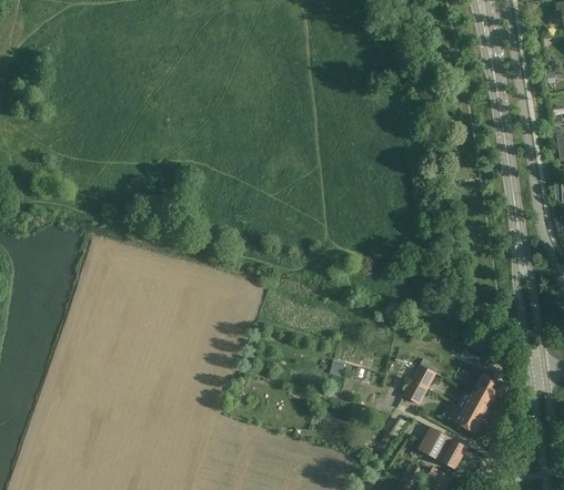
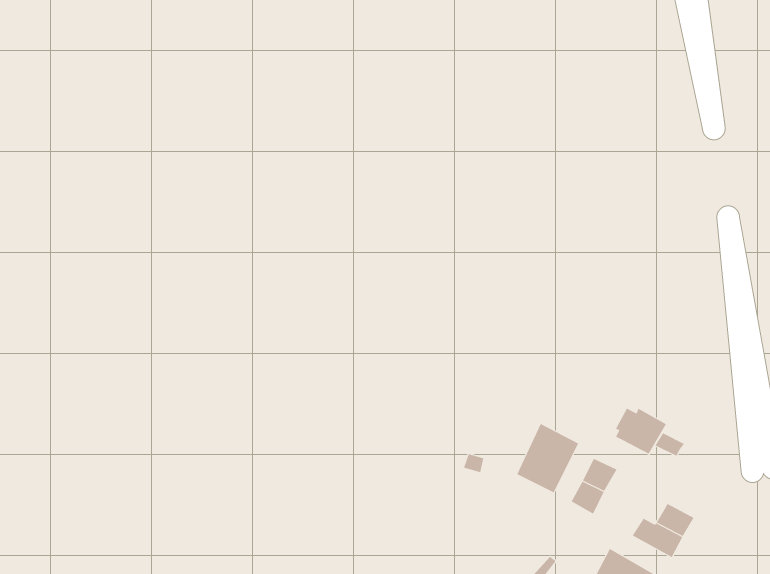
building: none -> [517,423,579,493]
building: [466,372,502,405] -> [615,408,667,455]

